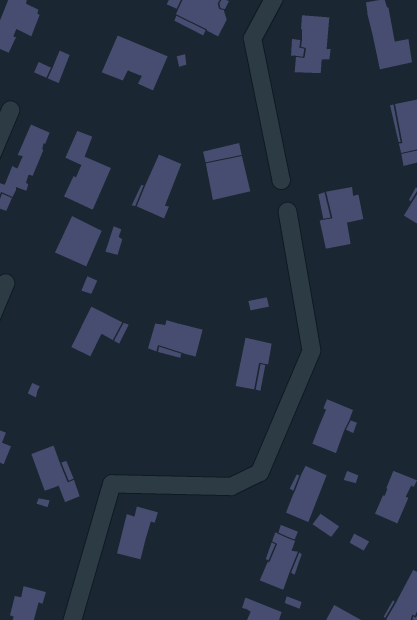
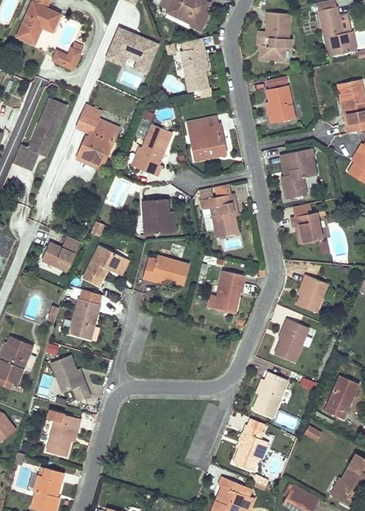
building: none -> [181,38,211,96]
building: none -> [266,85,295,123]
building: [54,215,102,267] -> none
building: none -> [201,192,238,236]
building: none -> [143,198,170,232]
building: none -> [291,212,322,243]
building: none -> [42,234,79,270]
building: none -> [296,273,329,312]
building: none -> [69,297,99,339]
building: [116,506,159,560] -> [47,413,81,456]

